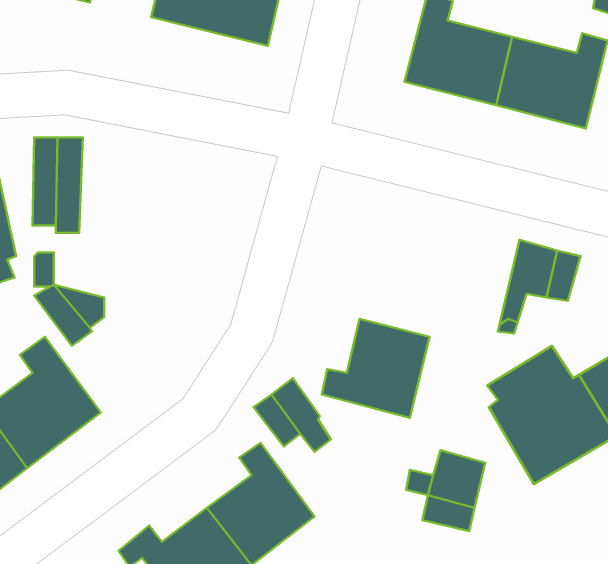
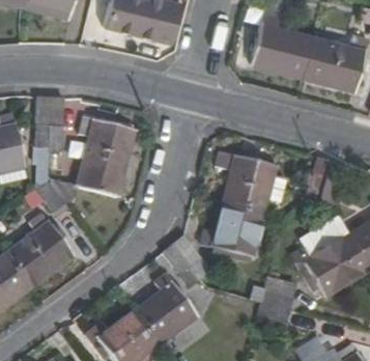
building: none -> [77,116,135,197]
building: none -> [221,154,283,212]

